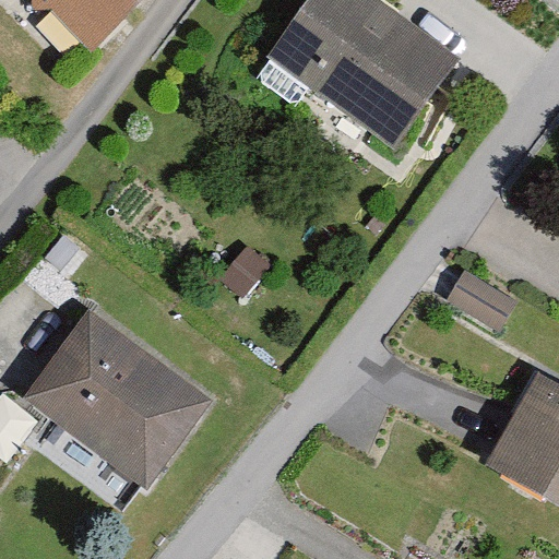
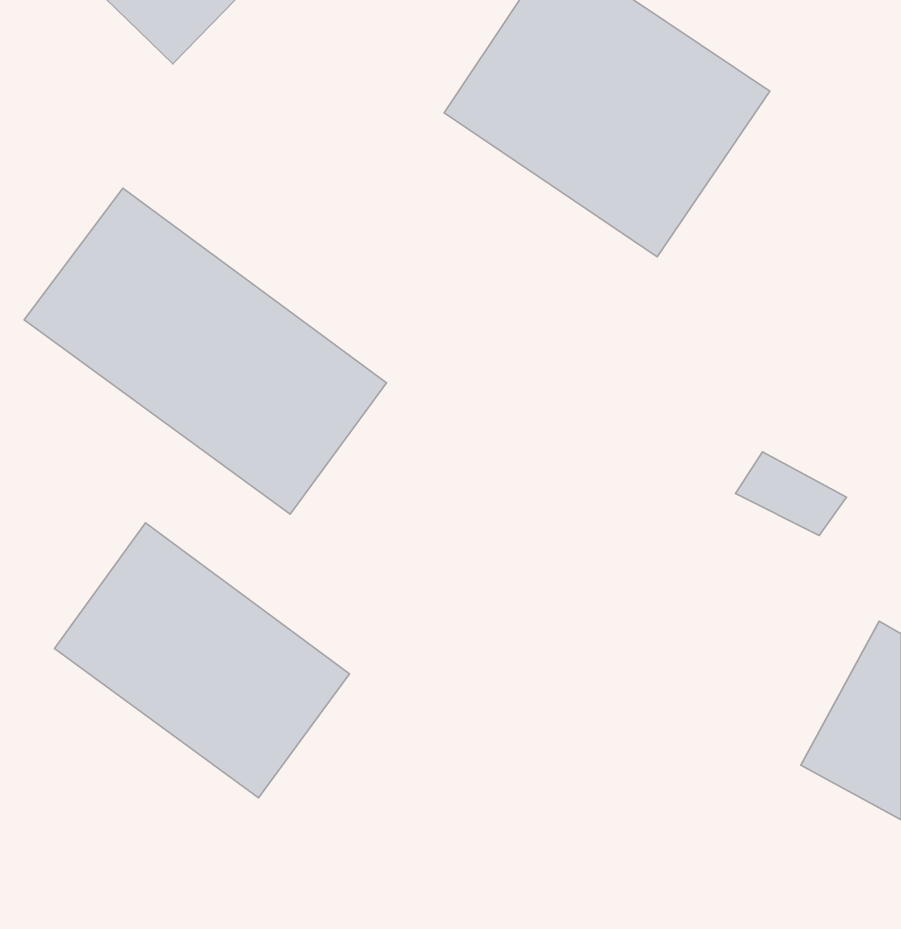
building: none -> [24,188,387,514]

